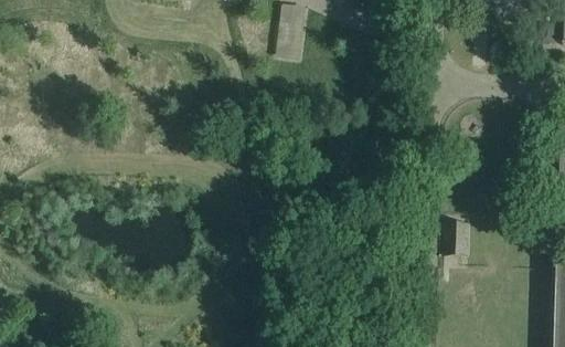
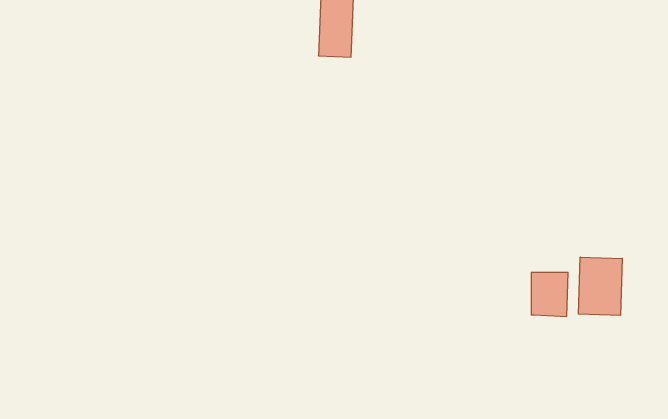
building: none -> [578,257,622,315]

